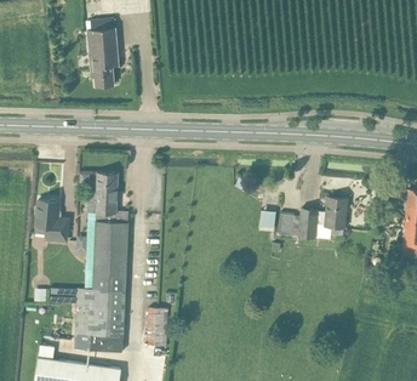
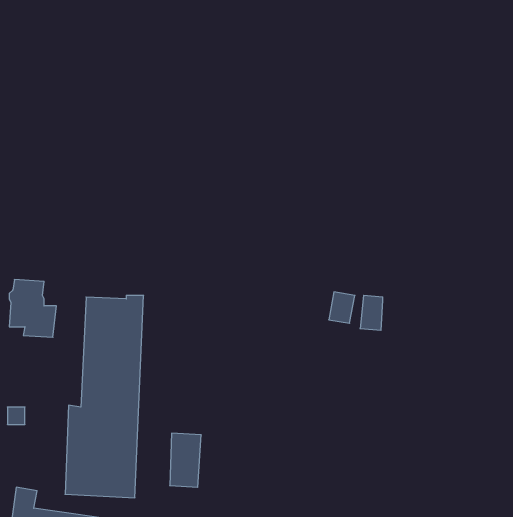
building: [86,17,119,86] -> none
building: [88,172,118,214] -> none
building: [297,198,348,239] -> none

